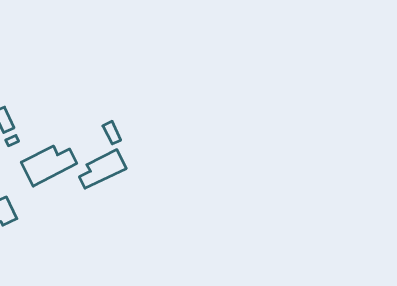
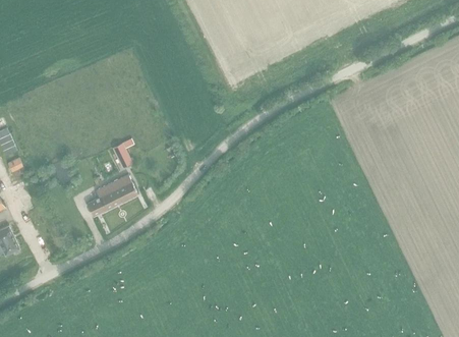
building: [21,146,77,186] -> none

